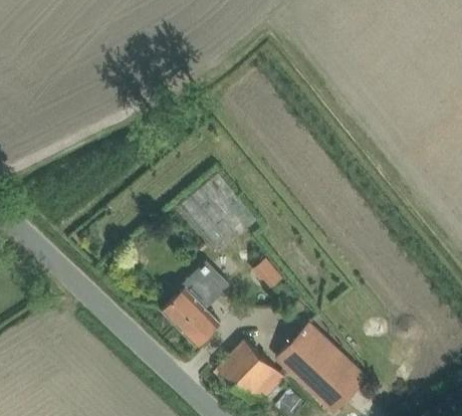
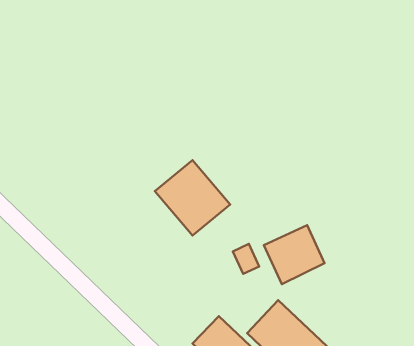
building: none -> [264,225,324,284]
building: [162,259,230,346] -> none

